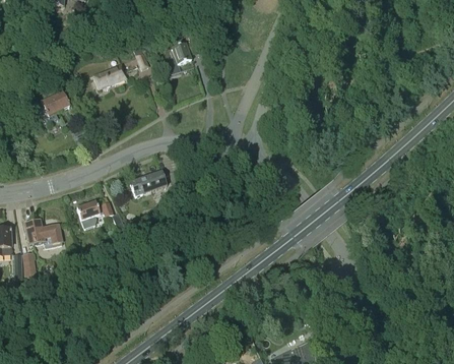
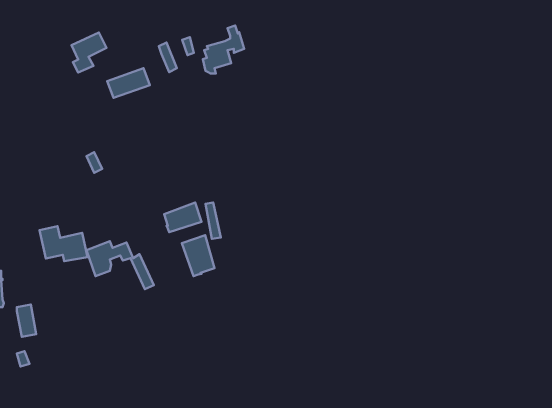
building: [41,92,68,123] -> [72,32,106,72]
building: none -> [182,235,215,276]
building: [24,219,62,246] -> [40,226,87,261]

